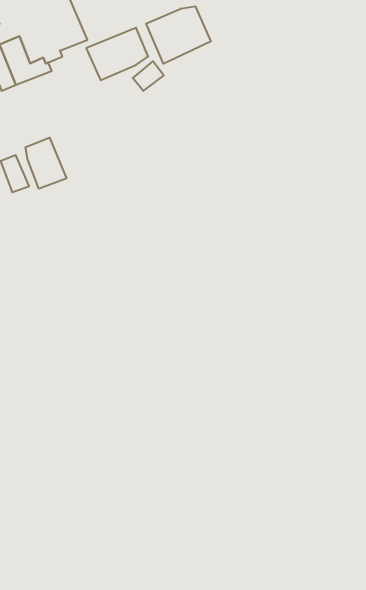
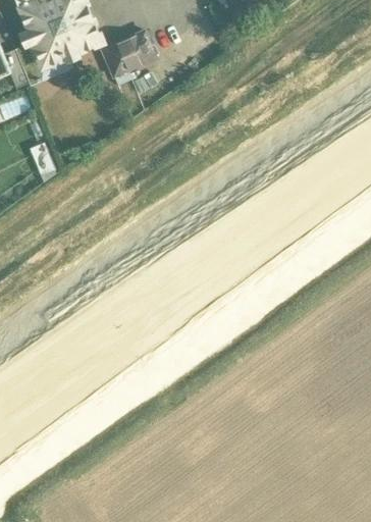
building: [146,6,211,64] -> none
building: [26,138,66,189] -> none

